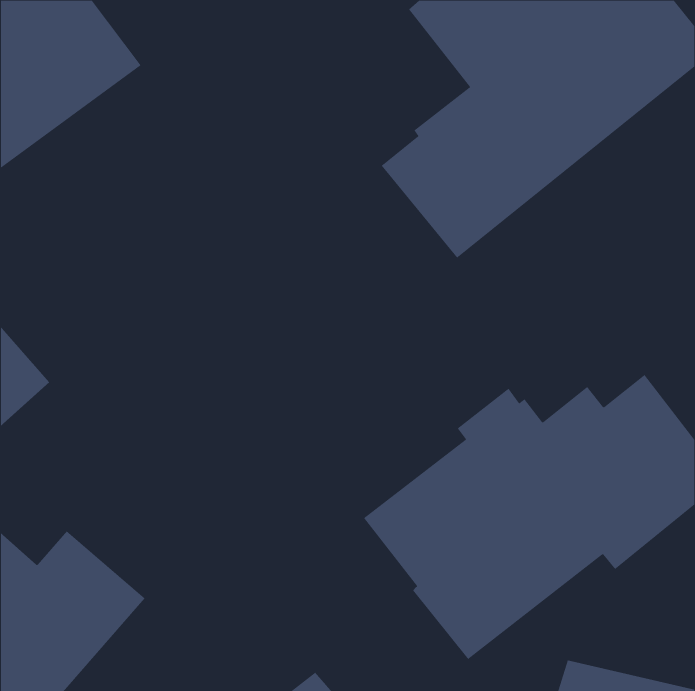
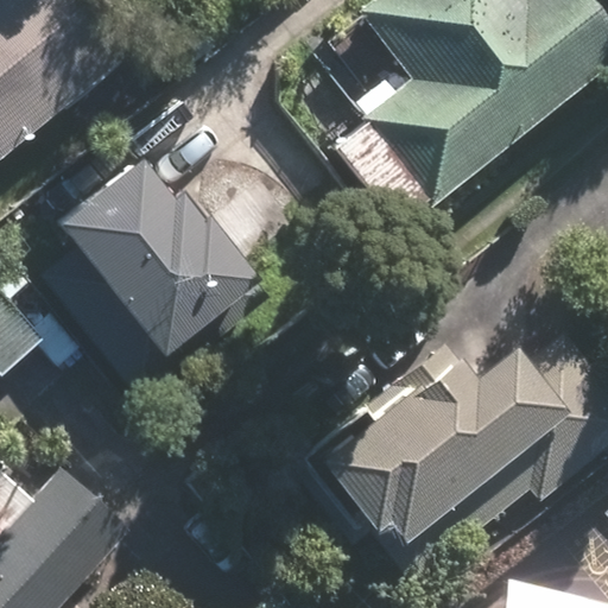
building: none -> [37,158,265,397]

